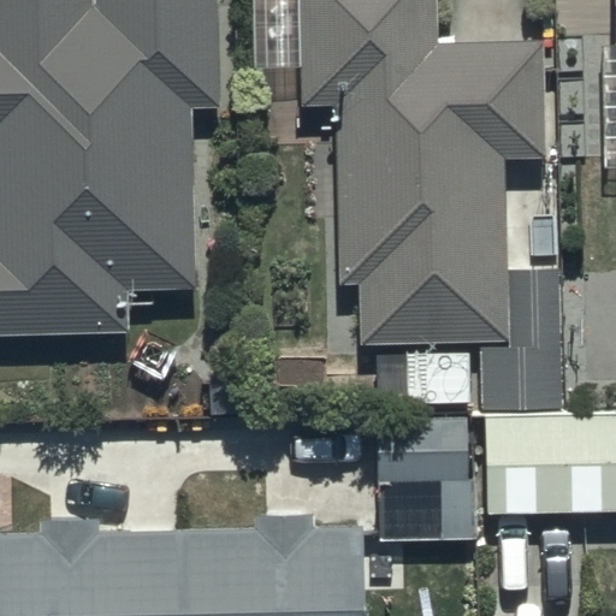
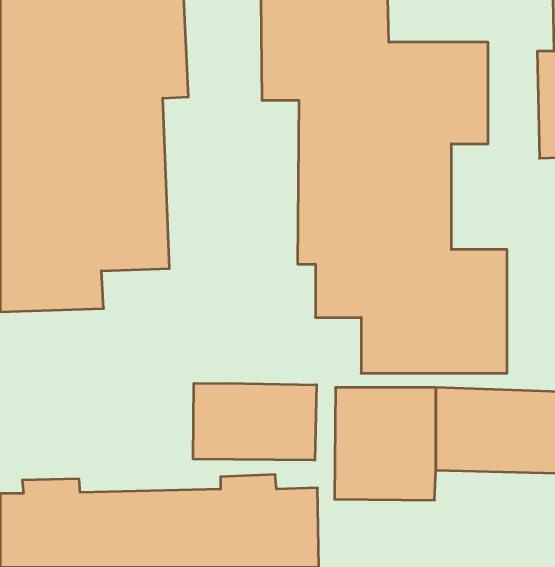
building: none -> [193,383,317,460]

